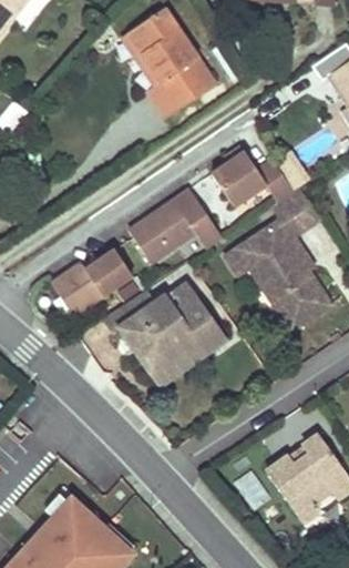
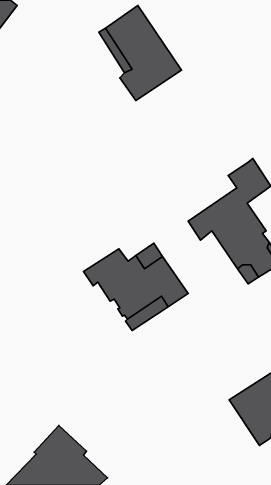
building: [212,148,292,204] -> none
building: [130,185,222,260] -> none
building: [51,246,130,311] -> none

